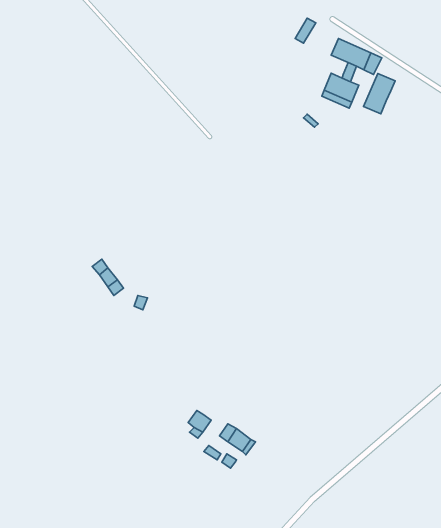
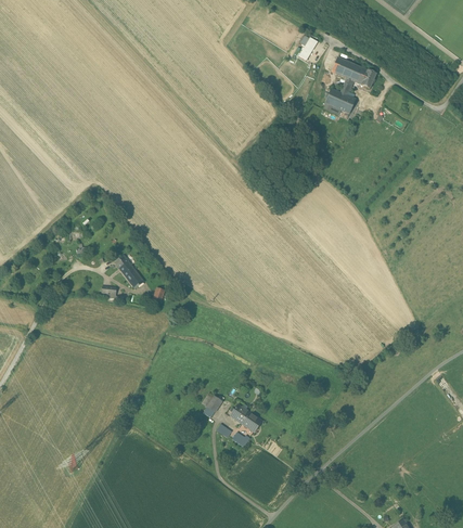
building: [364,73,395,114] -> none

